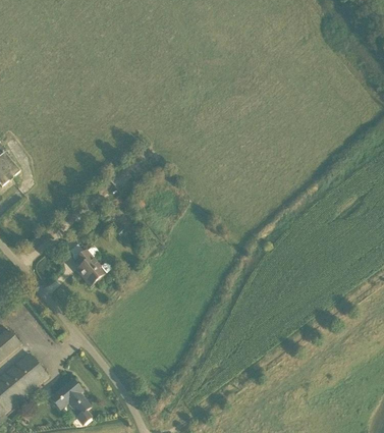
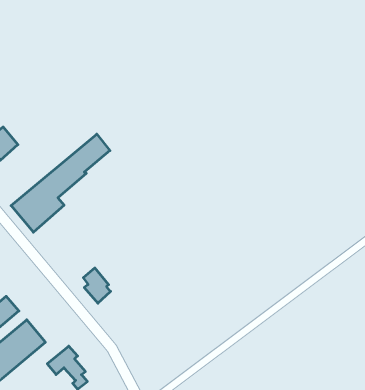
building: none -> [11,134,110,232]
building: [75,250,104,286] -> [83,268,111,303]

